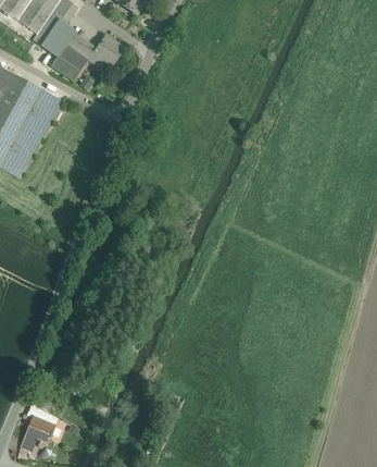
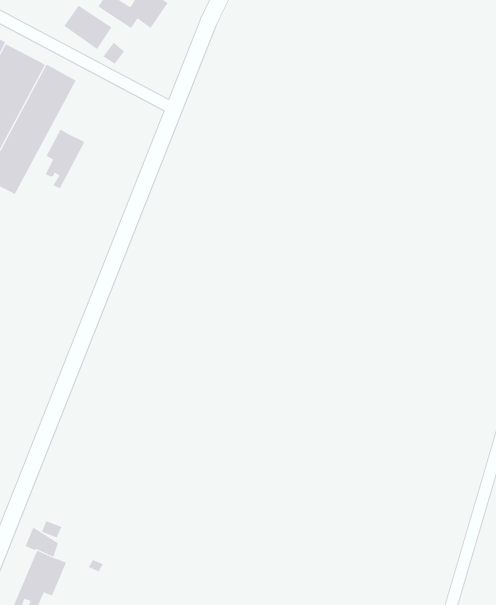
building: none -> [45,129,85,189]

